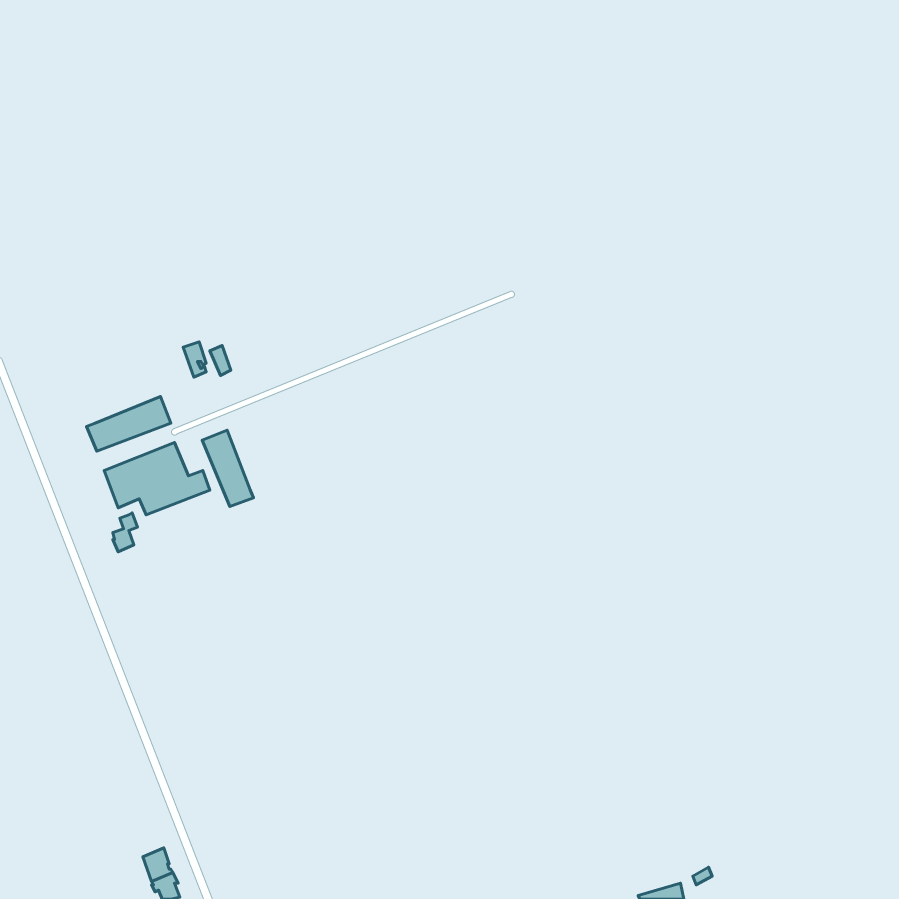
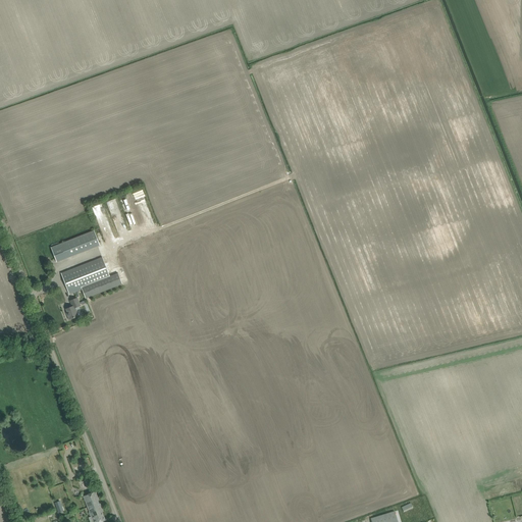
building: [202,430,253,506] -> none

